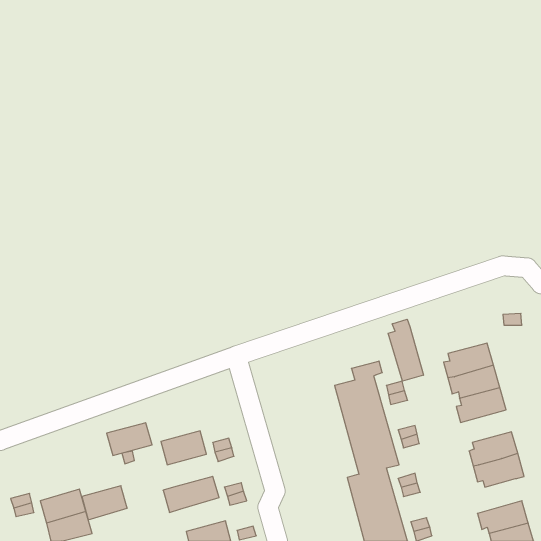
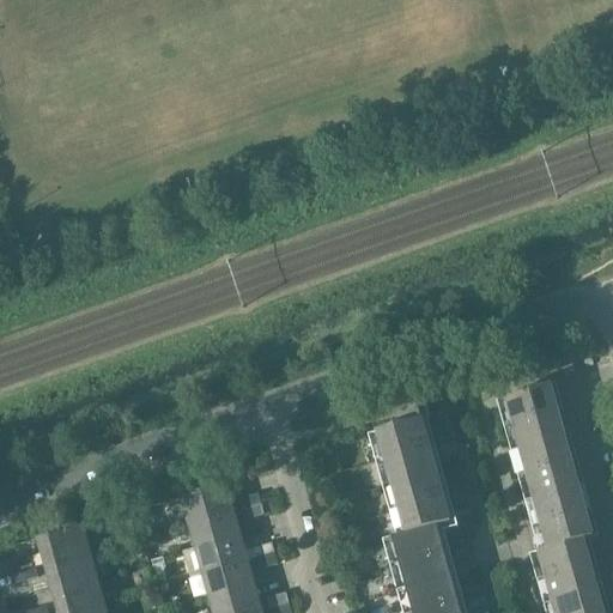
building: [388,319,423,381] -> none
building: none -> [521,463,578,500]
building: [107,423,152,455] -> [189,514,241,551]
building: none -> [535,541,590,581]
building: [82,486,127,520] -> [38,528,90,566]
building: none -> [204,563,255,601]

